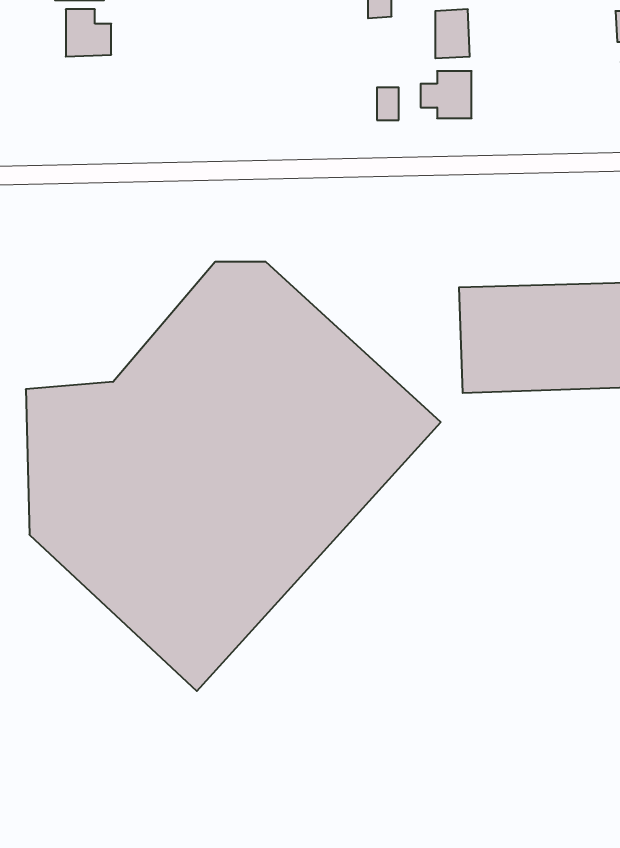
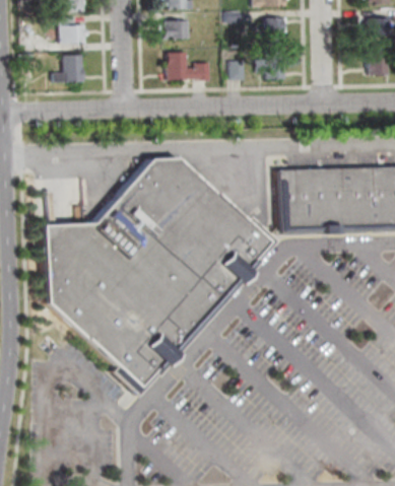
building: none -> [164,18,190,37]
building: none -> [168,51,211,77]
building: none -> [52,54,82,79]

